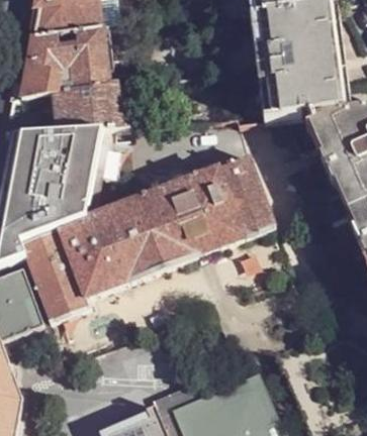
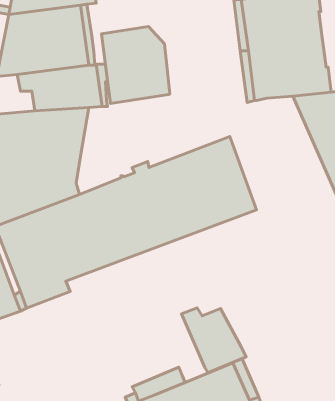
building: none -> [101,26,170,103]
building: none -> [182,308,246,373]

